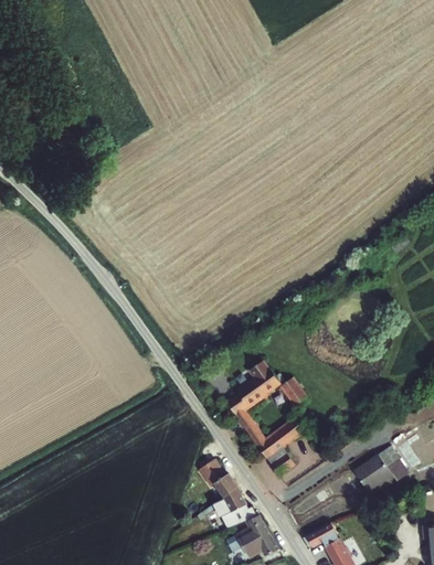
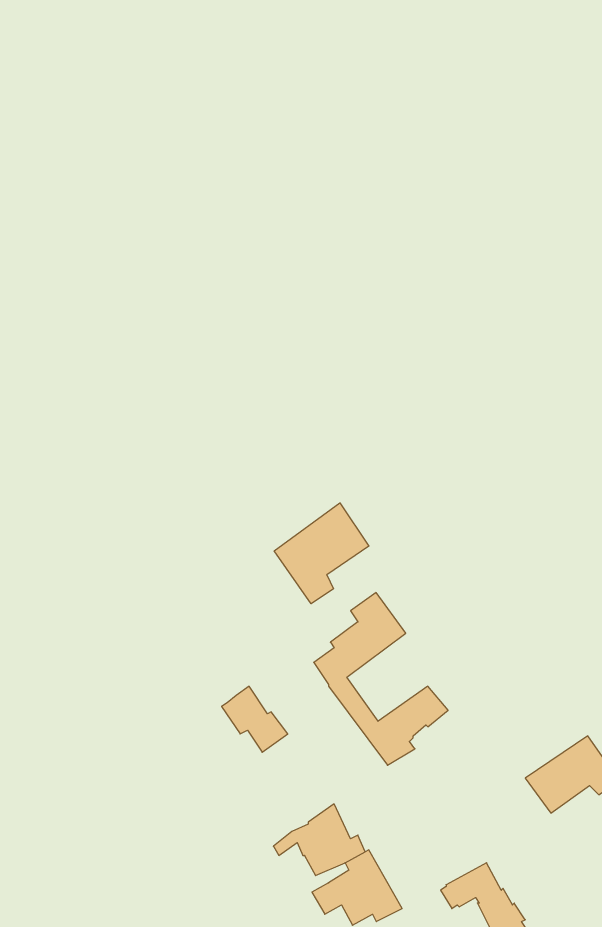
building: none -> [274,503,369,604]
building: [279,375,308,407] -> none
building: [199,458,239,498] -> [222,686,288,752]

